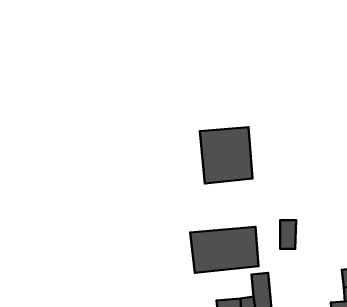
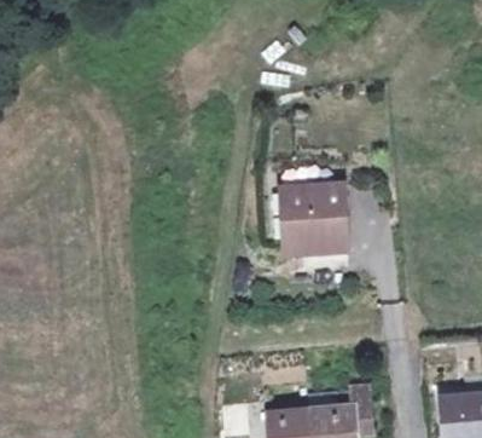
building: [190,227,259,273] -> none

